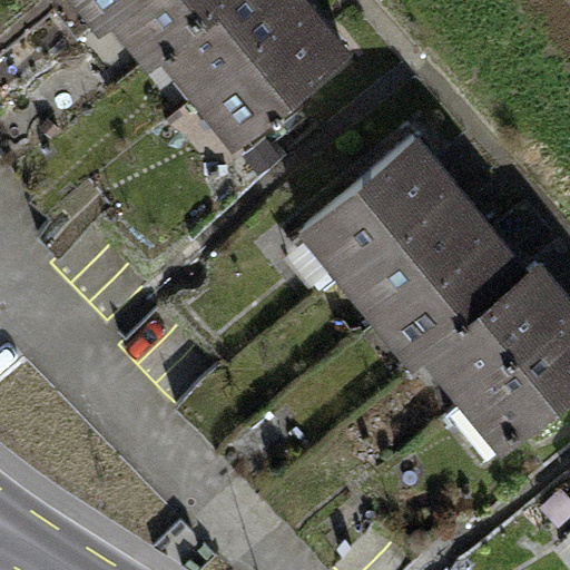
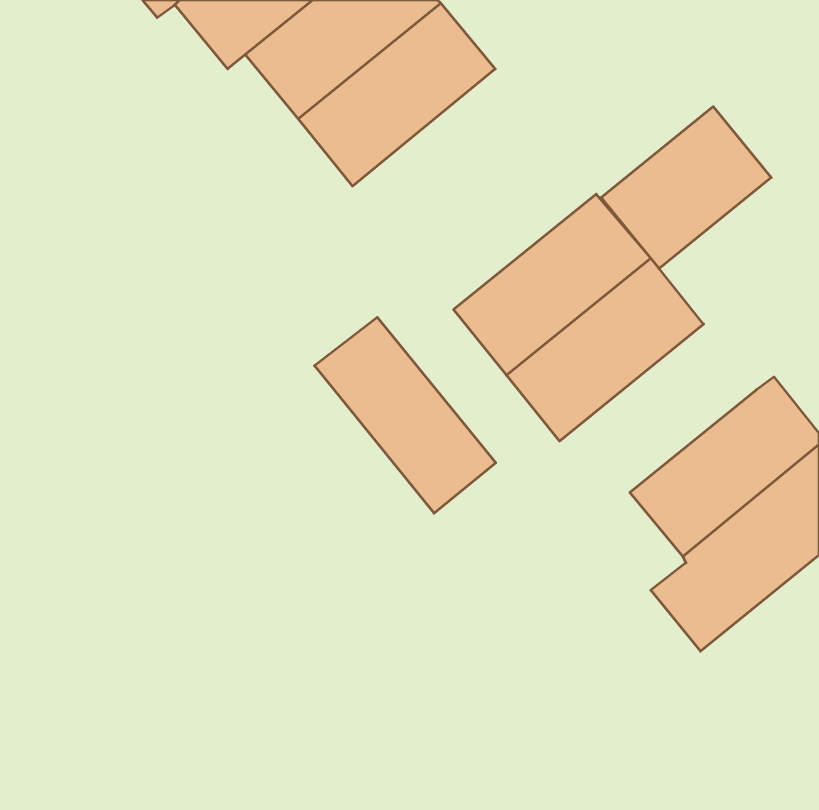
building: none -> [601,107,771,269]
building: none -> [314,317,496,513]
building: [389,232,525,358] -> none

